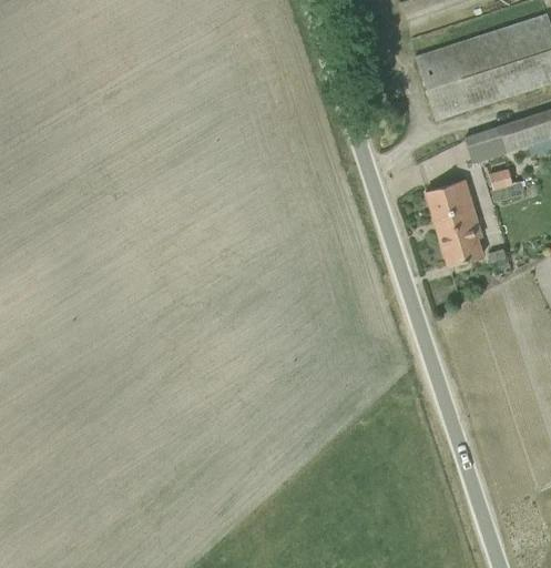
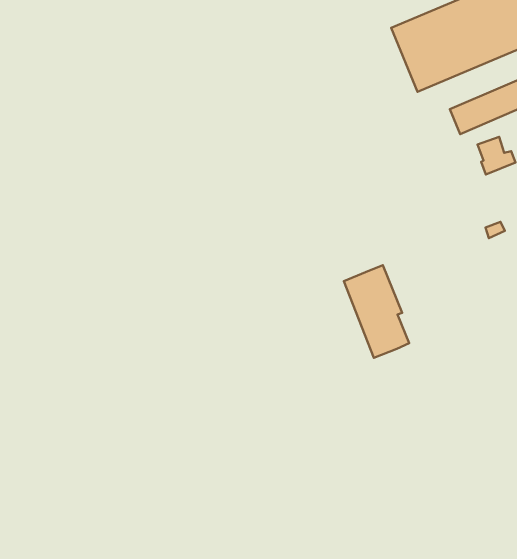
building: [426,179,482,265] -> [344,265,409,358]

